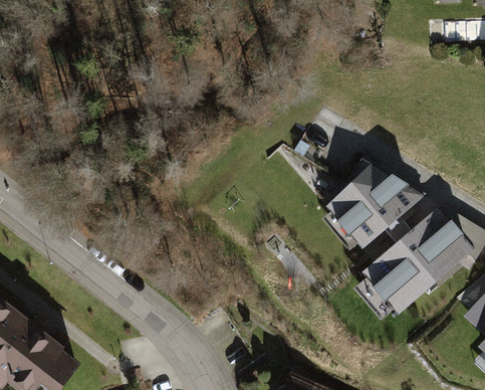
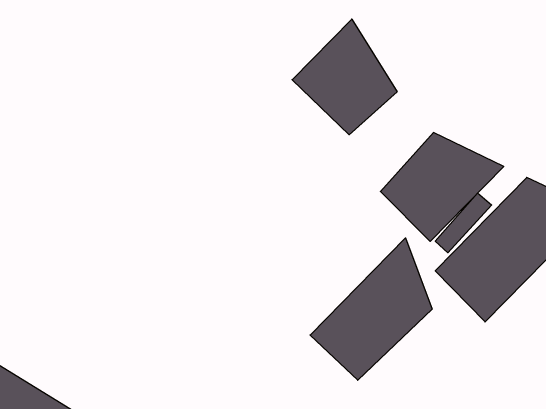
building: none -> [292,19,397,135]
building: none -> [310,238,432,380]

